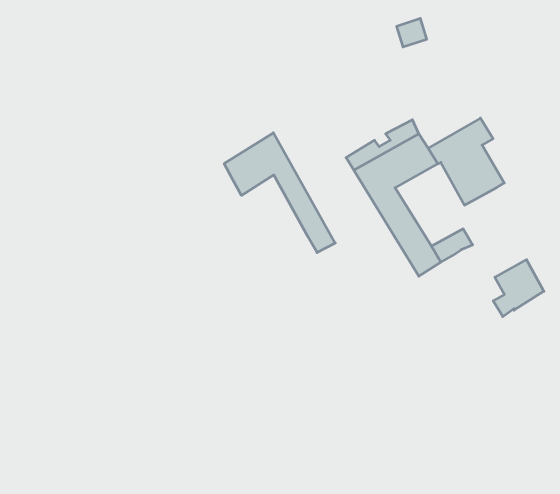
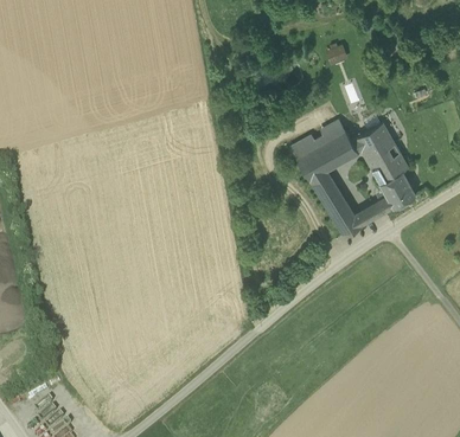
building: [224,133,335,253] -> none
building: [493,260,544,317] -> [377,165,415,207]

